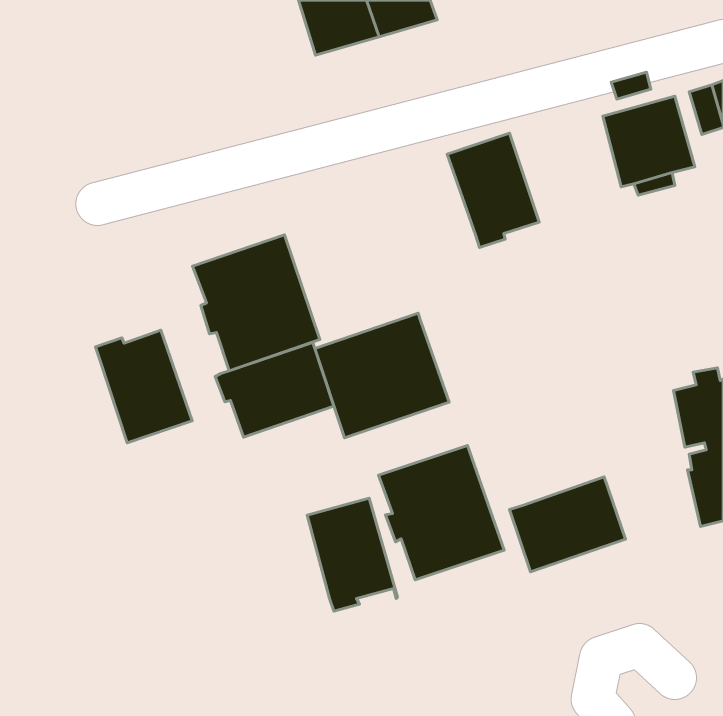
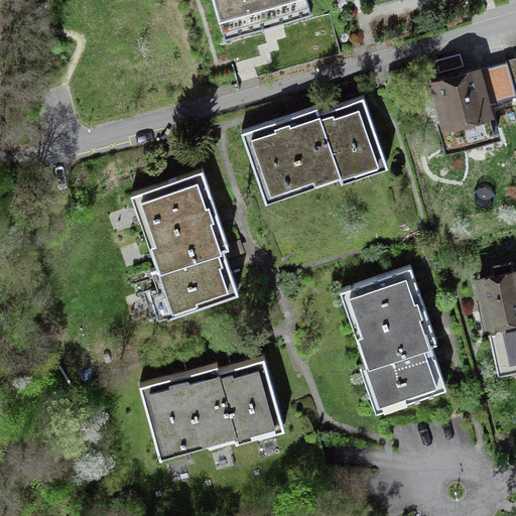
building: [315,313,449,438] -> [243,109,339,198]
building: [95,330,192,443] -> none
building: [378,445,504,580] -> [347,269,436,365]
building: none -> [141,367,235,453]

